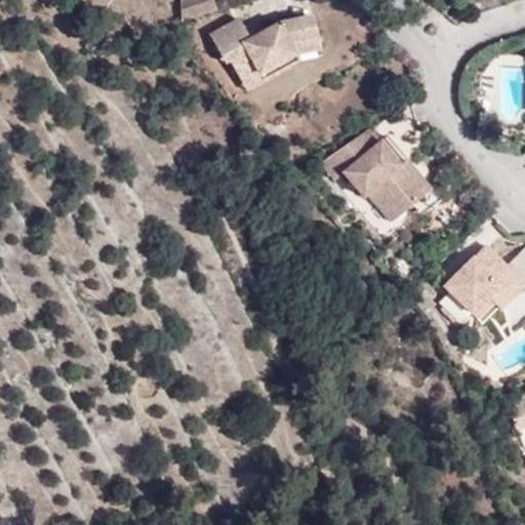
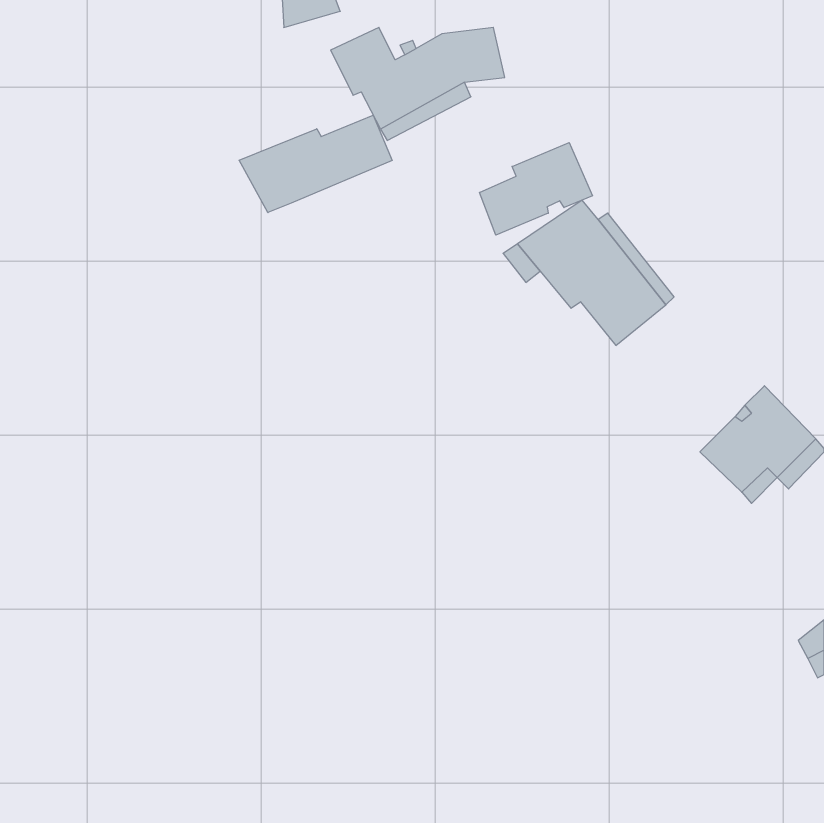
building: none -> [239,115,392,213]
building: none -> [480,143,593,235]

